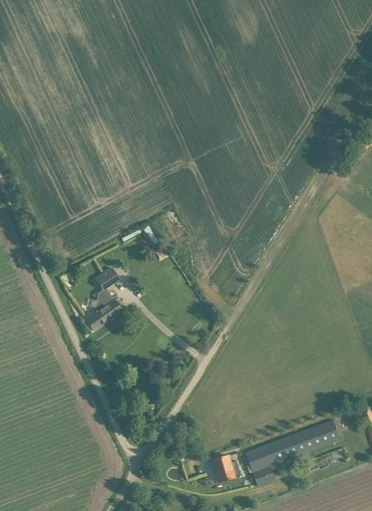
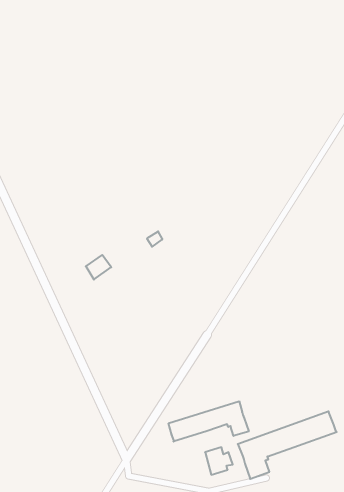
building: [84,293,121,330] -> none
building: none -> [169,401,249,442]

